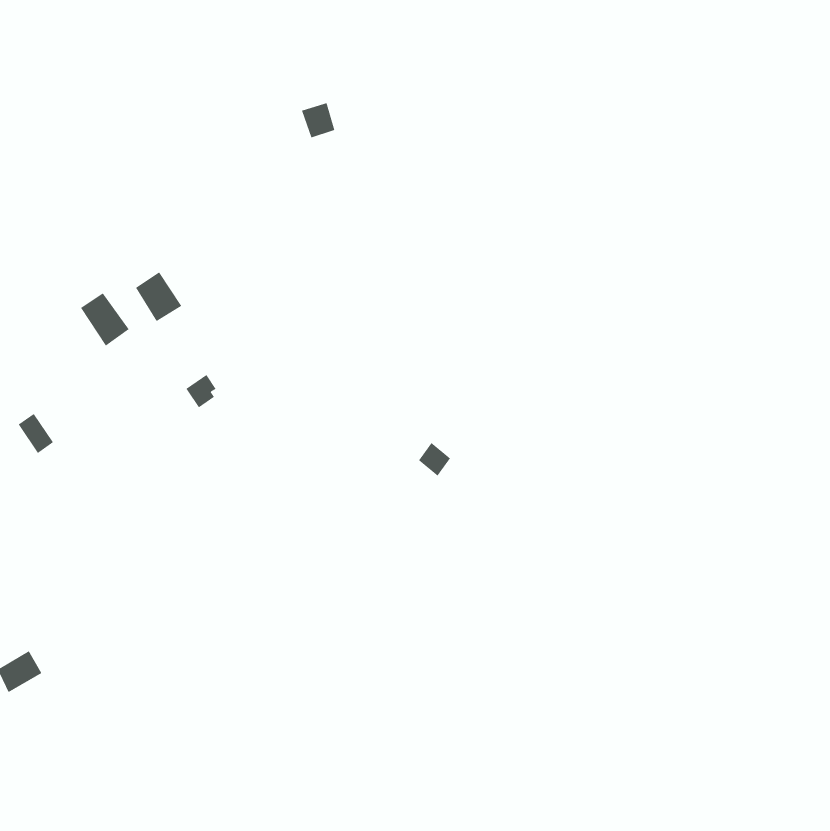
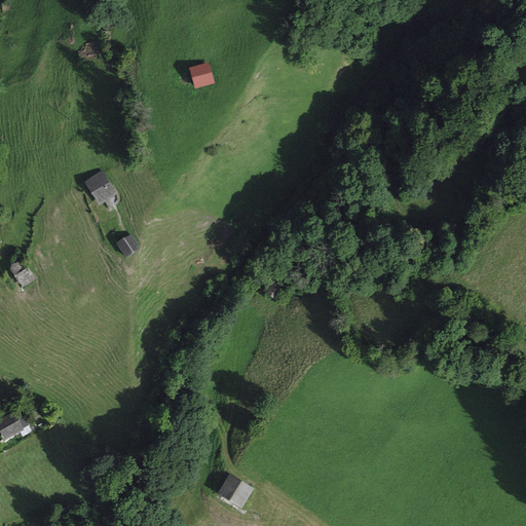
building: [80,292,129,346] -> none
building: none -> [219,476,251,506]

